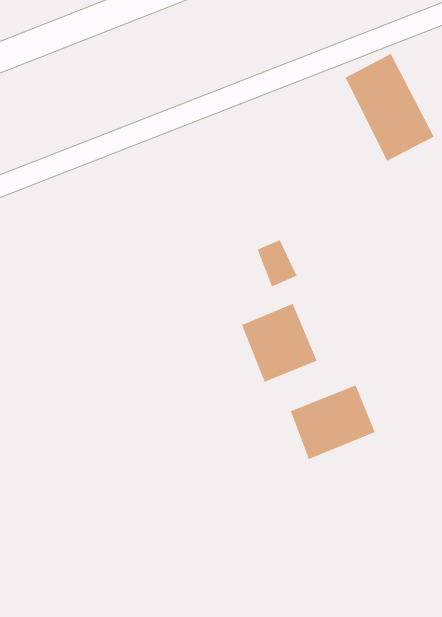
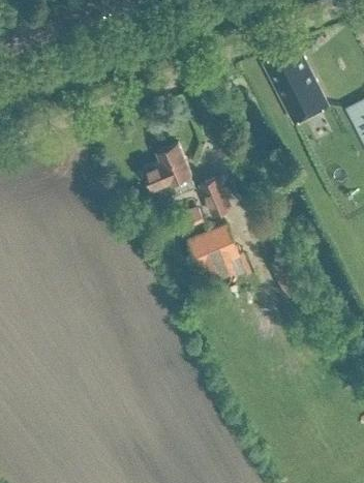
building: none -> [144,145,195,198]
building: [290,385,376,460] -> none

